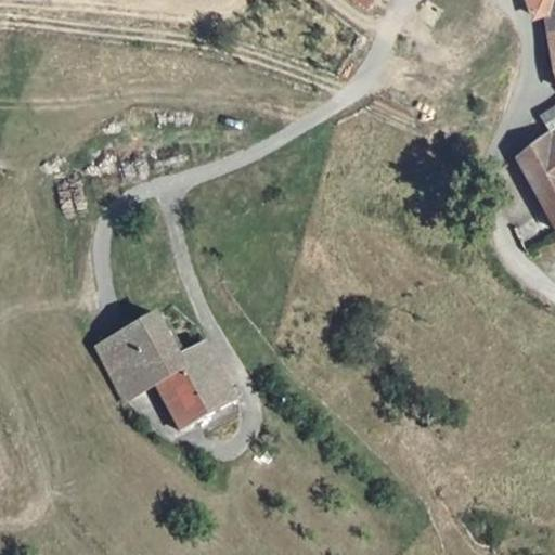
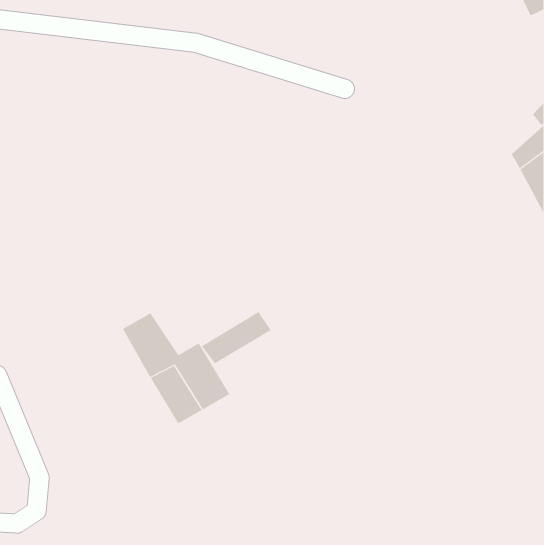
building: none -> [201,311,271,364]
building: [95,333,152,400] -> none

